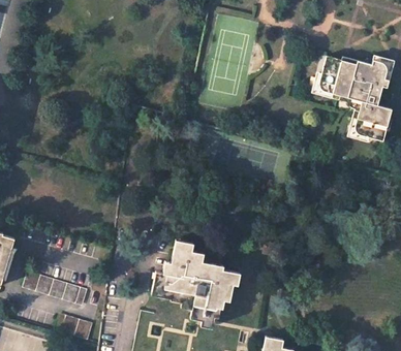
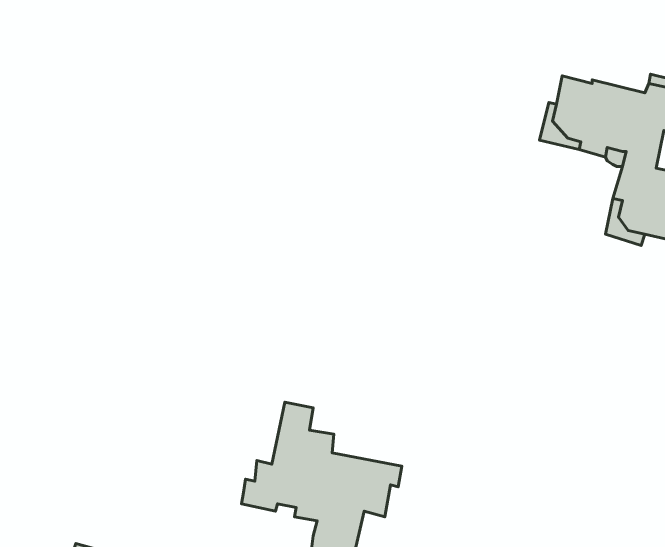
building: [22,269,87,304] -> none

